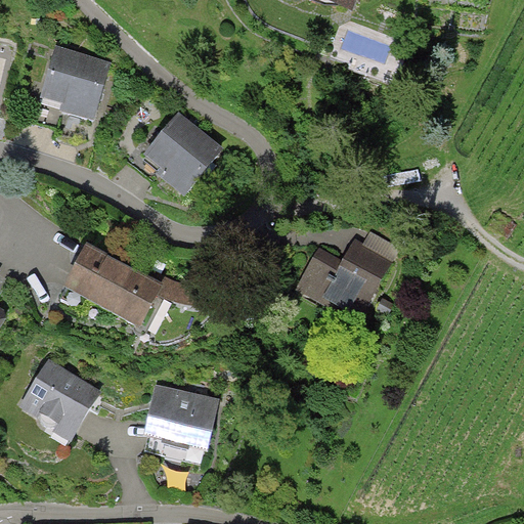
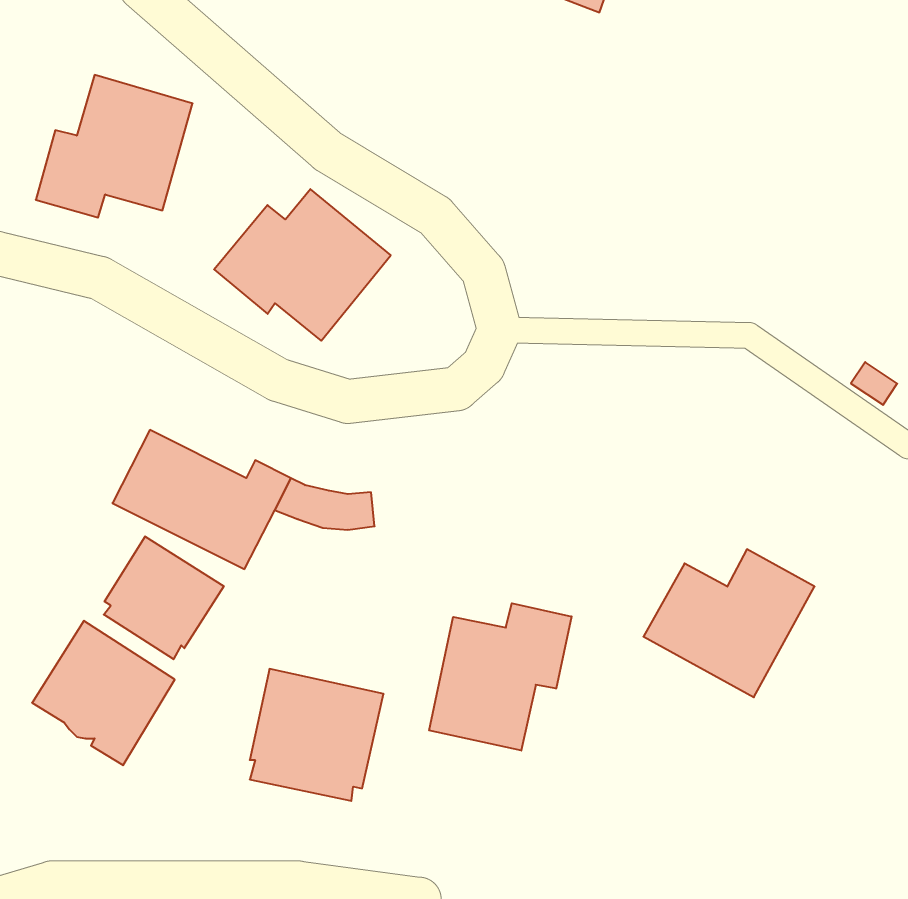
building: [295,236,393,321] -> [643,549,815,697]
building: none -> [104,536,224,659]
building: none -> [429,603,572,751]

